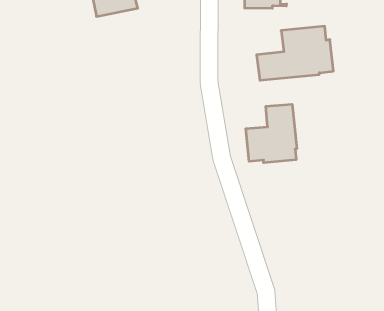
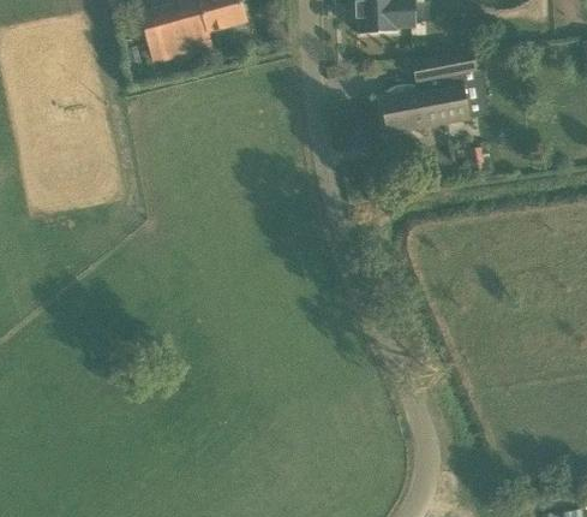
building: [246,104,297,163] -> none

